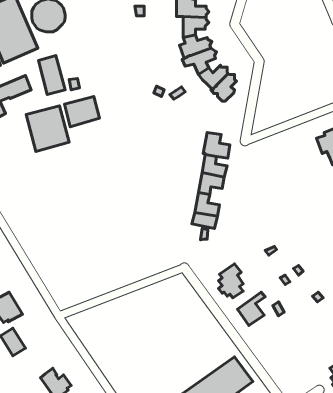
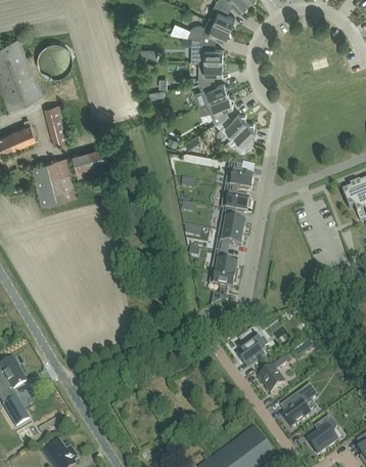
building: none -> [225,161,255,189]
building: none -> [280,383,317,427]
building: none -> [308,415,337,453]

